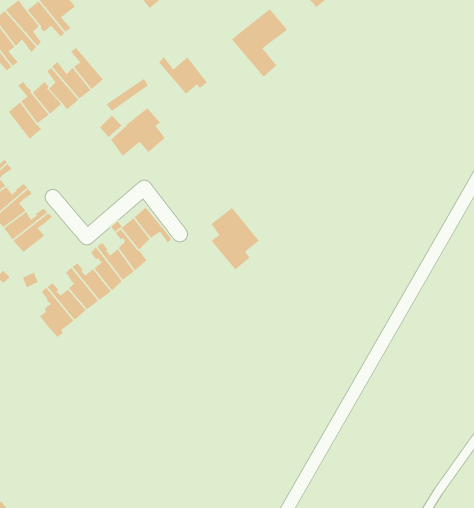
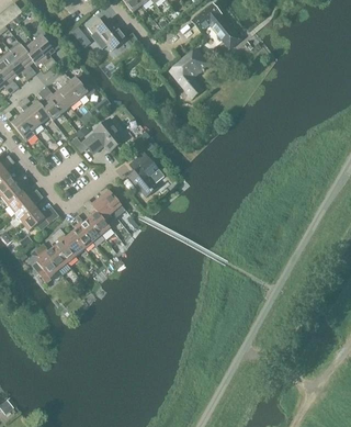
building: [158,56,208,95] -> [59,71,94,99]
building: [210,207,260,270] -> [128,151,163,196]
building: none -> [22,206,58,231]

